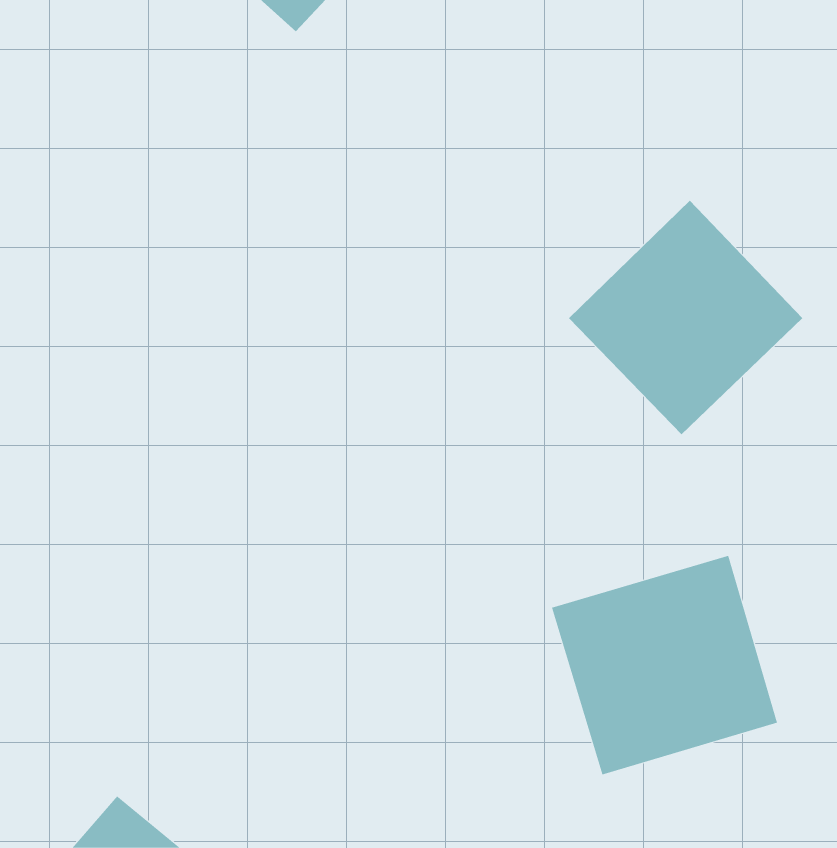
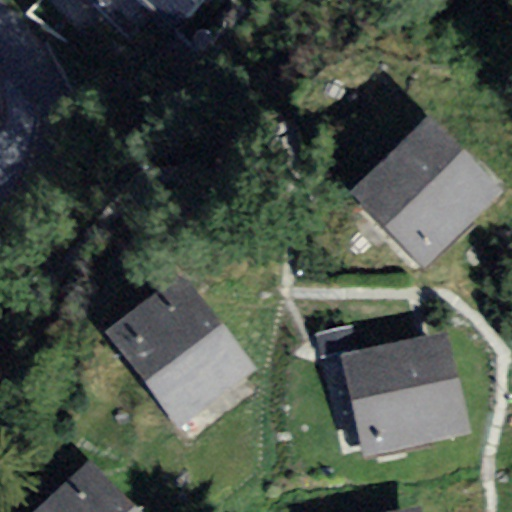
building: none -> [100,269,251,432]

